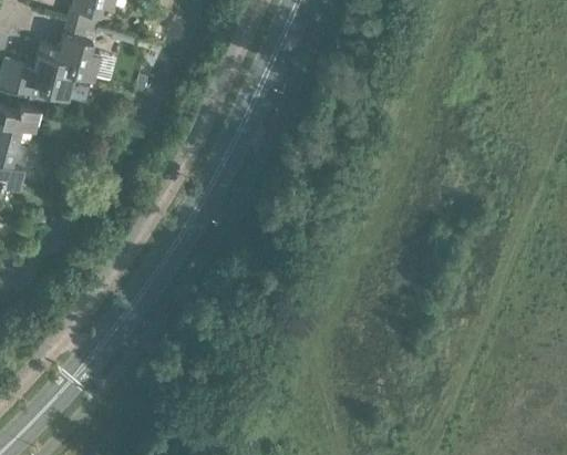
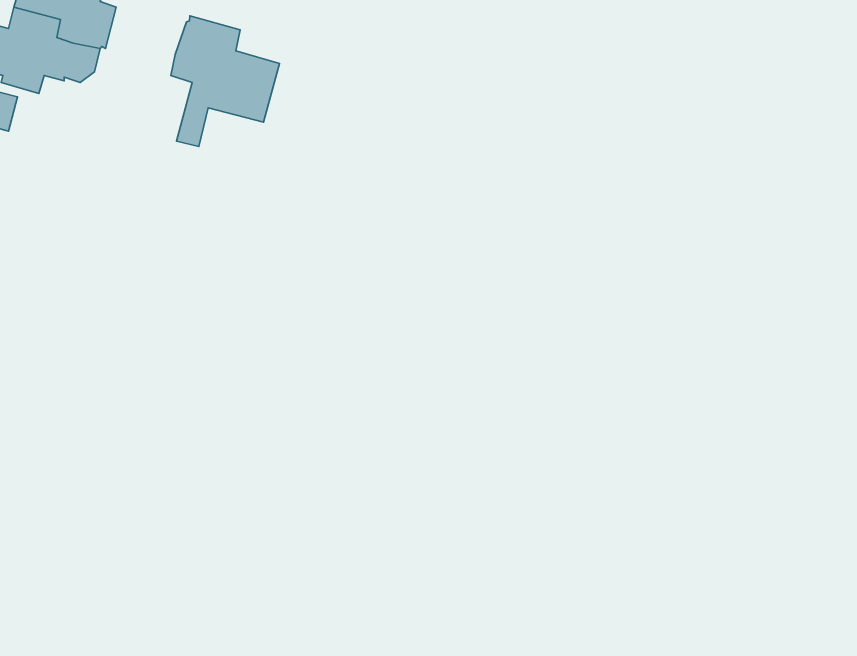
building: none -> [171,16,279,147]

